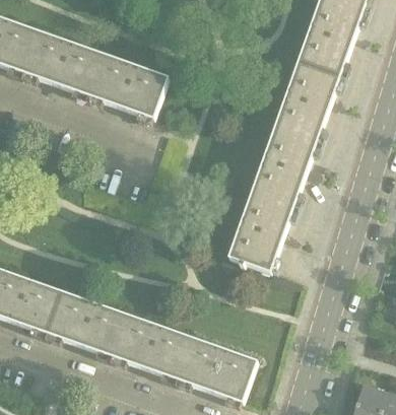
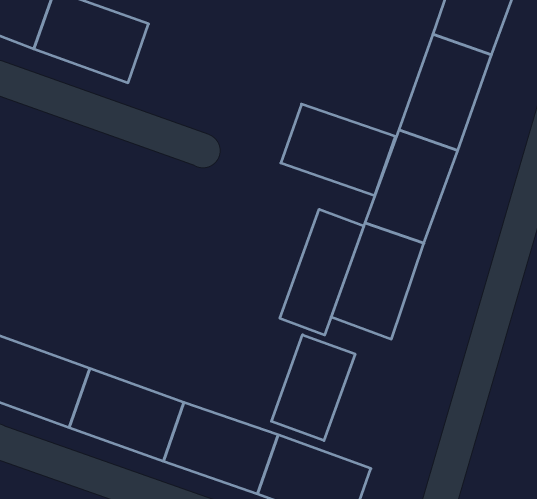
building: [88,54,168,117] -> [281,104,396,195]
building: none -> [280,209,364,335]
building: none -> [271,335,355,441]

